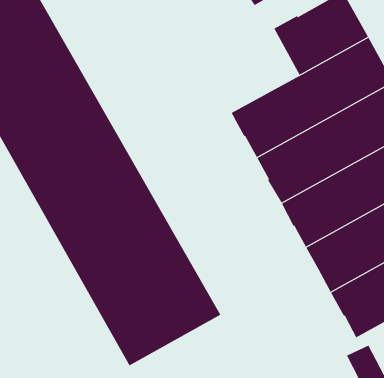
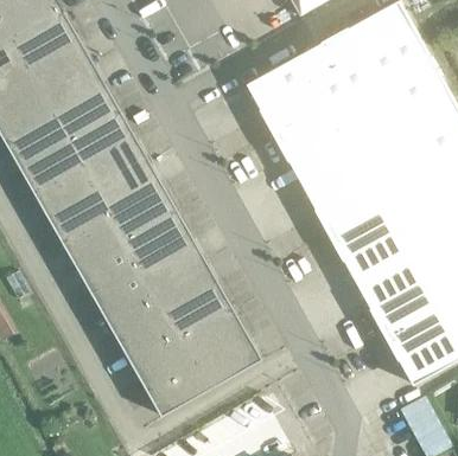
building: none -> [246,41,349,135]

